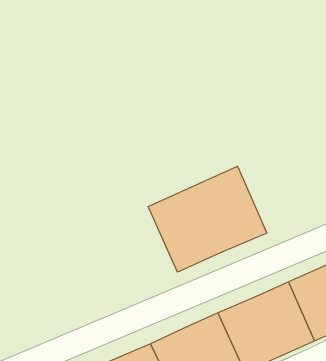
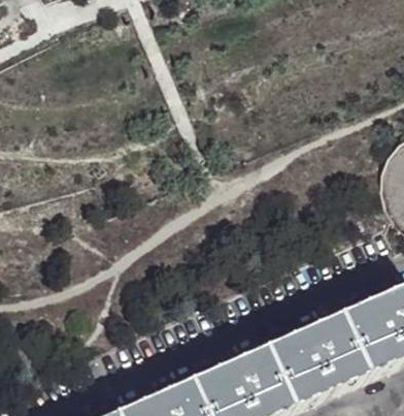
building: [148,166,267,272] -> none

